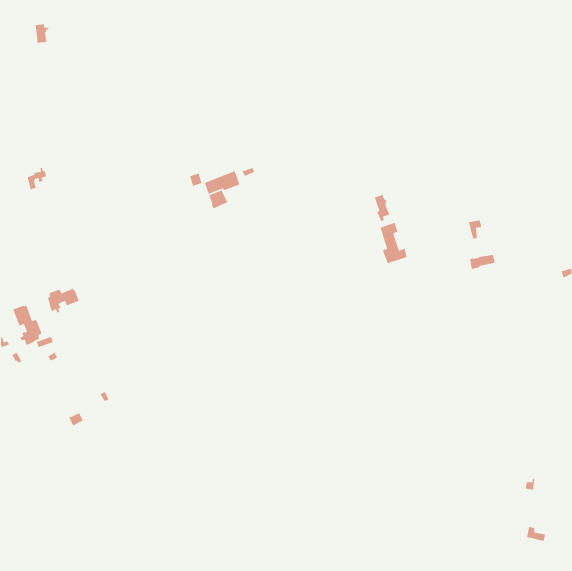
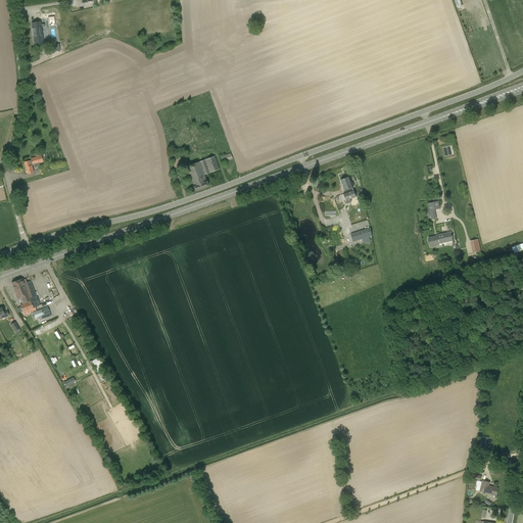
building: [47,287,80,313] -> none

